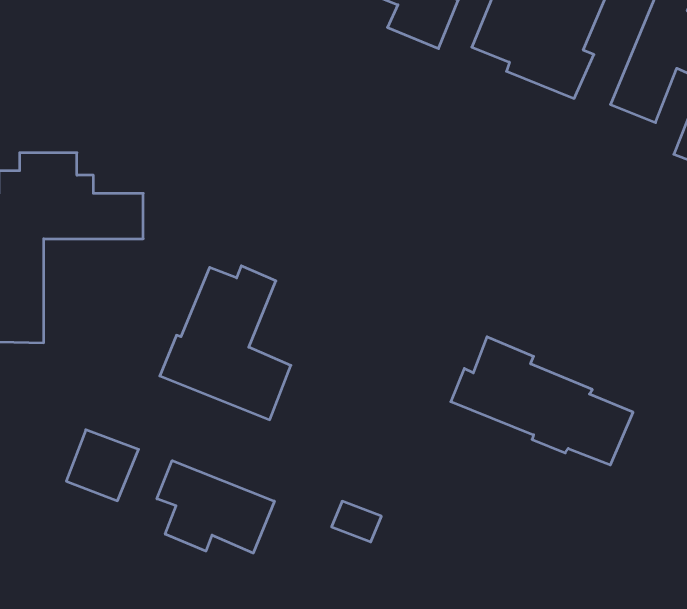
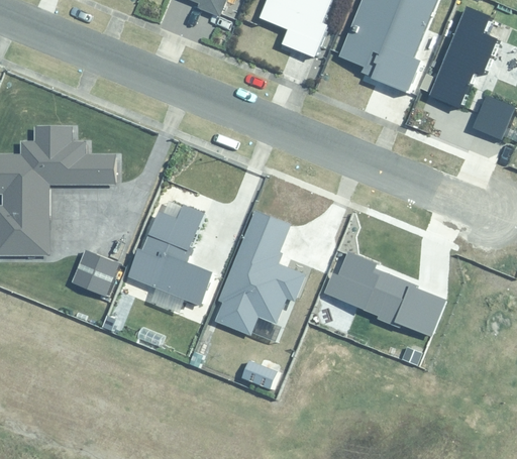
building: none -> [214,210,308,335]
building: [66,430,139,501] -> [71,249,119,297]
building: [157,461,274,553] -> none

